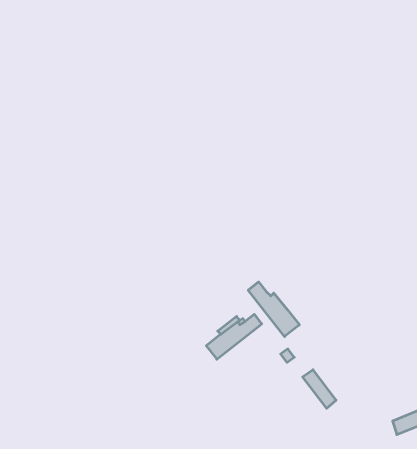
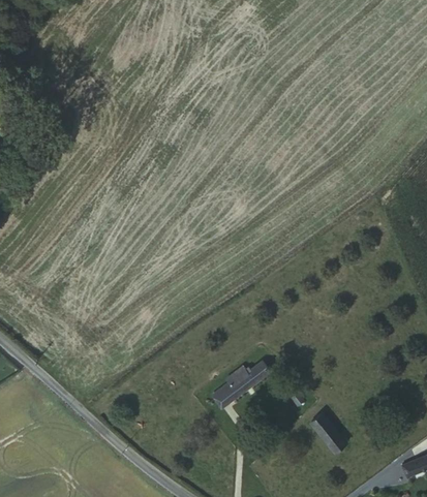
building: [248,282,299,337] -> none

